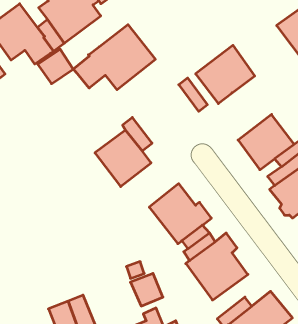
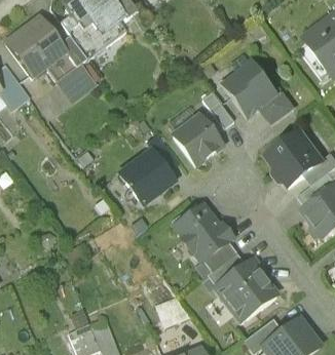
building: [73,25,155,90] -> none
building: none -> [260,90,296,124]
building: none -> [170,113,222,165]

